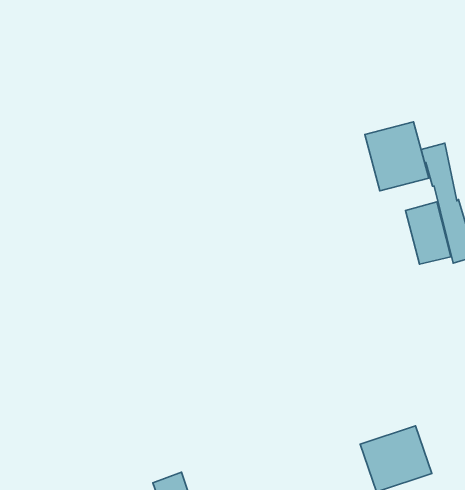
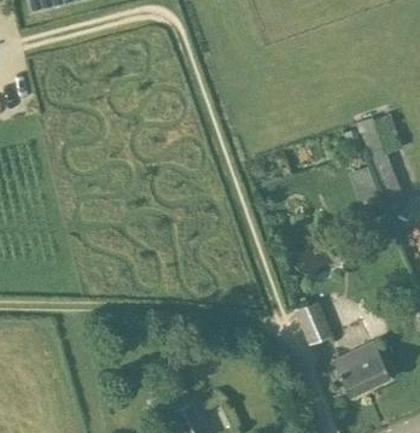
building: [365,122,429,191] -> none
building: none -> [296,305,332,349]

